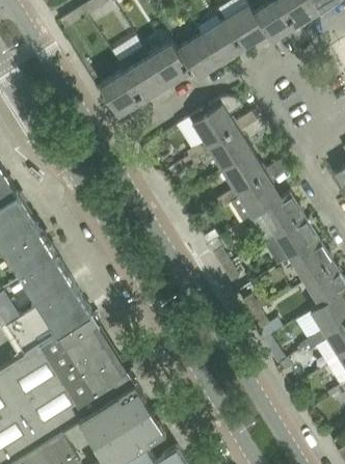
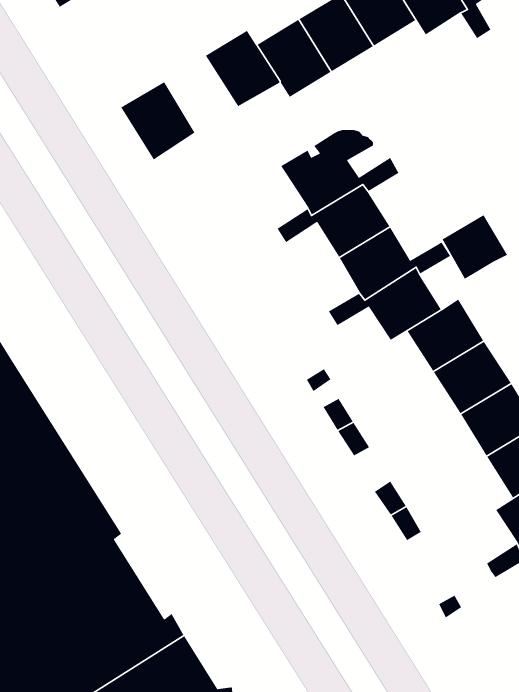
building: [117,50,164,101] -> none
building: none -> [442,214,508,288]

